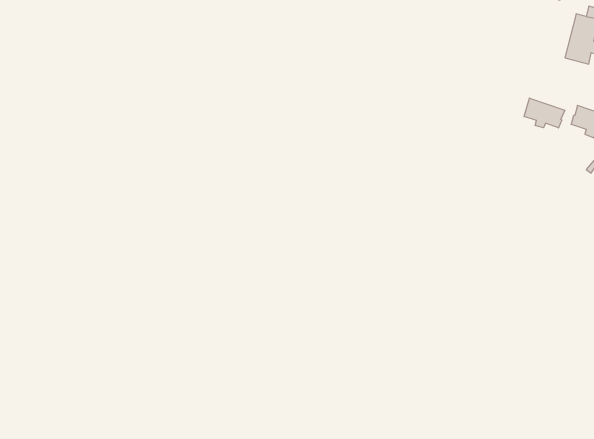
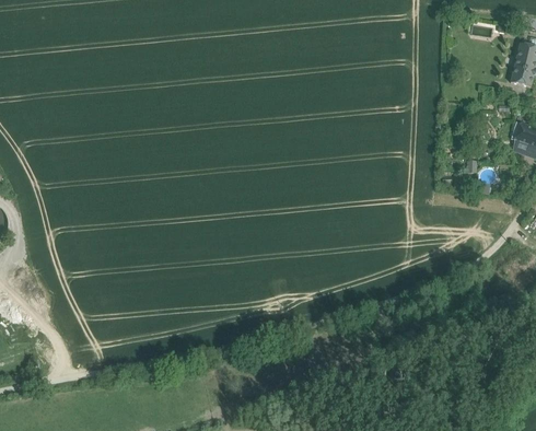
building: [524,98,565,128] -> none

